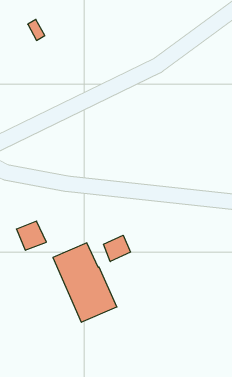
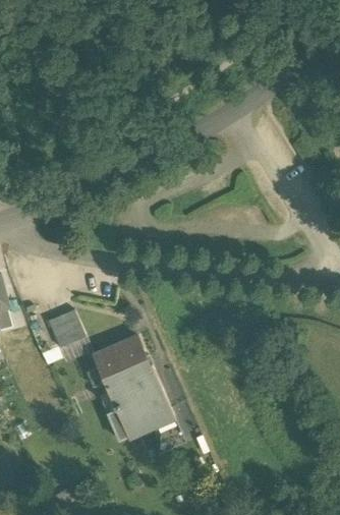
building: [103,235,130,262] -> none

